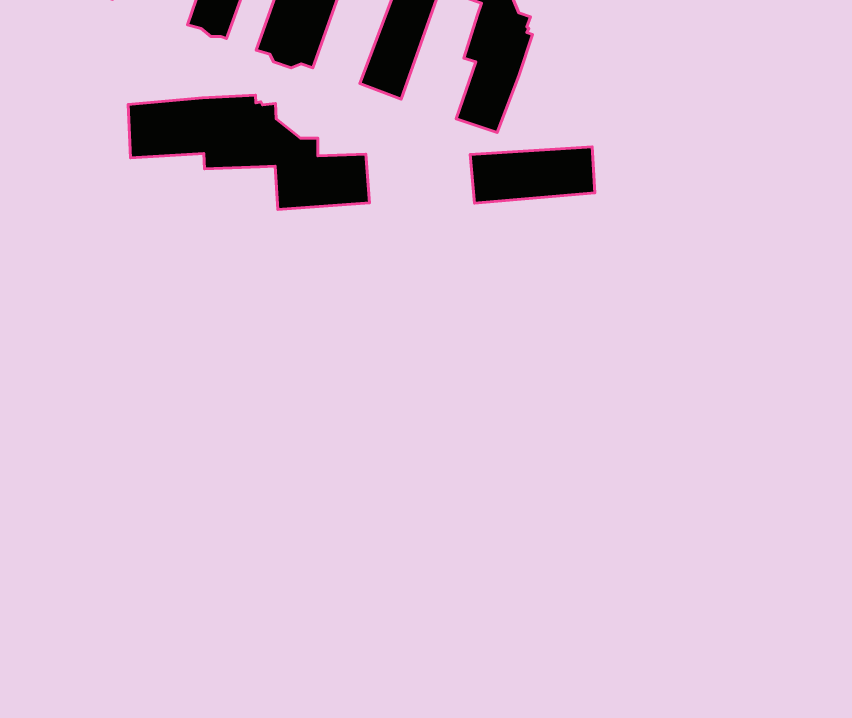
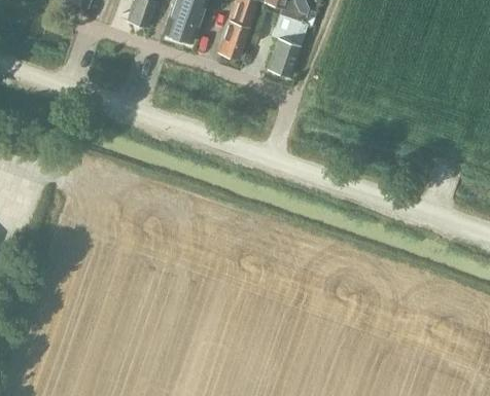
building: [128,95,369,210] -> none
building: [470,147,595,203] -> none

